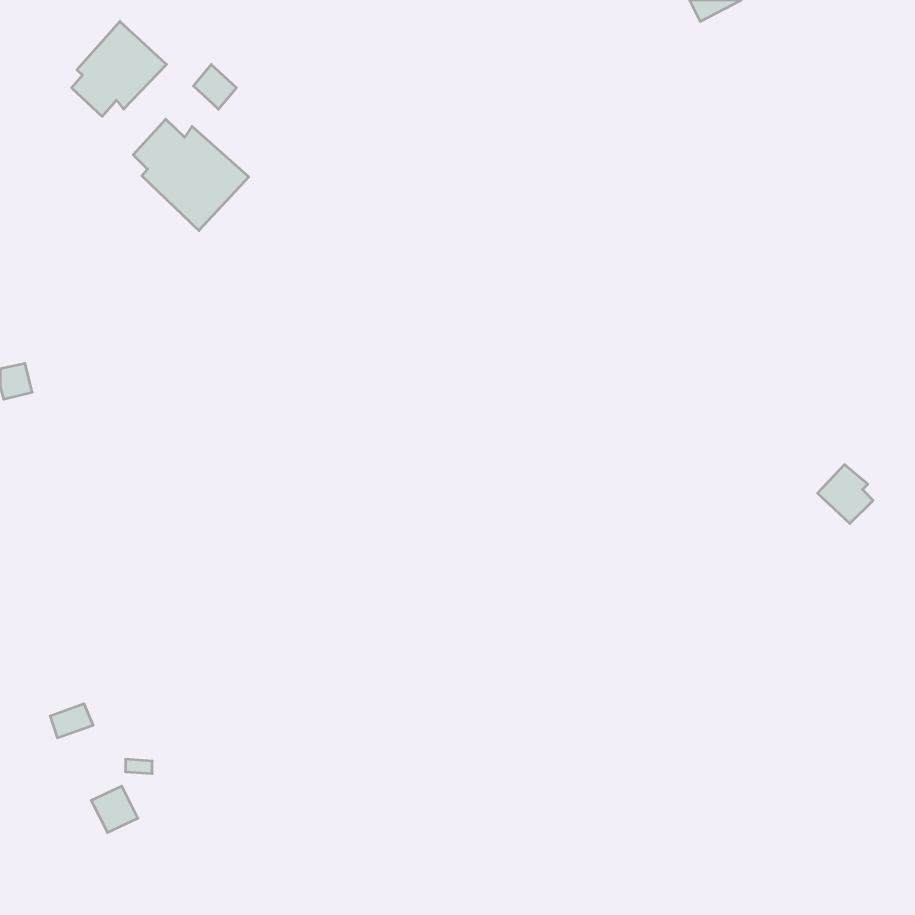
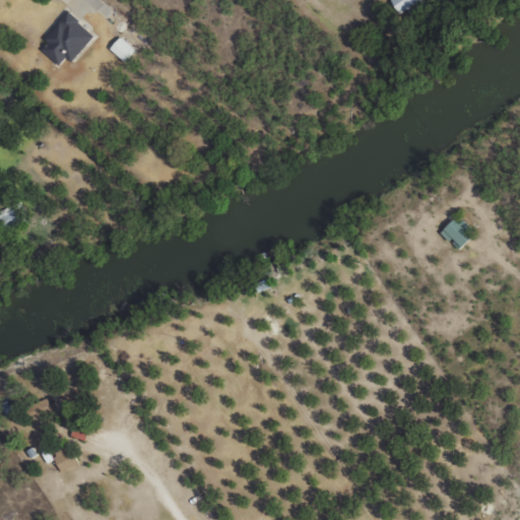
building: [133,119,249,231] -> none
building: [818,465,873,524] -> [440,216,471,250]

